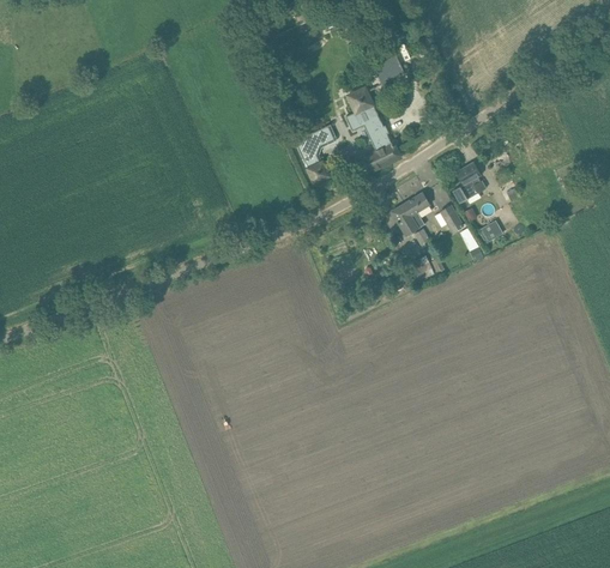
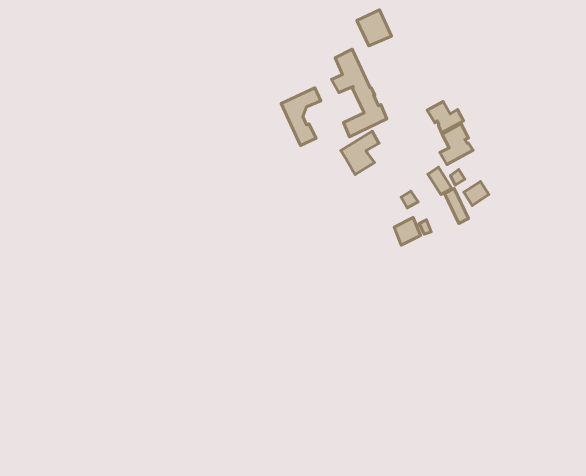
building: none -> [427,102,463,133]
building: [391,192,429,235] -> [341,131,379,174]

